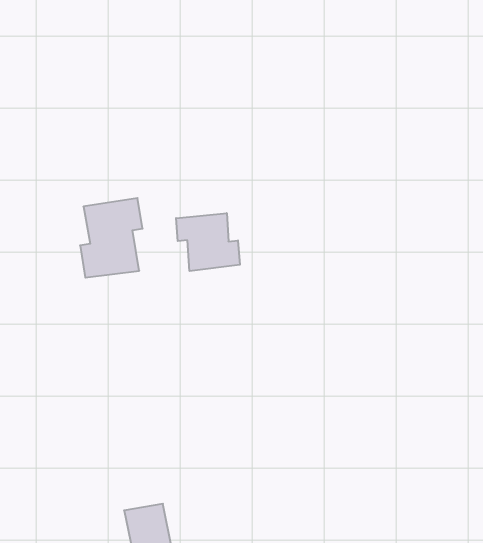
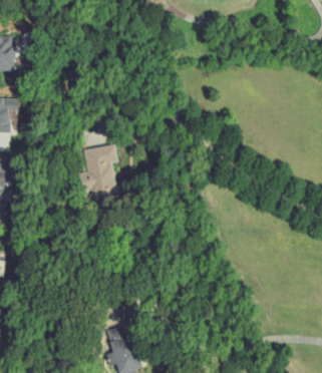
building: [176,213,240,271] -> none

